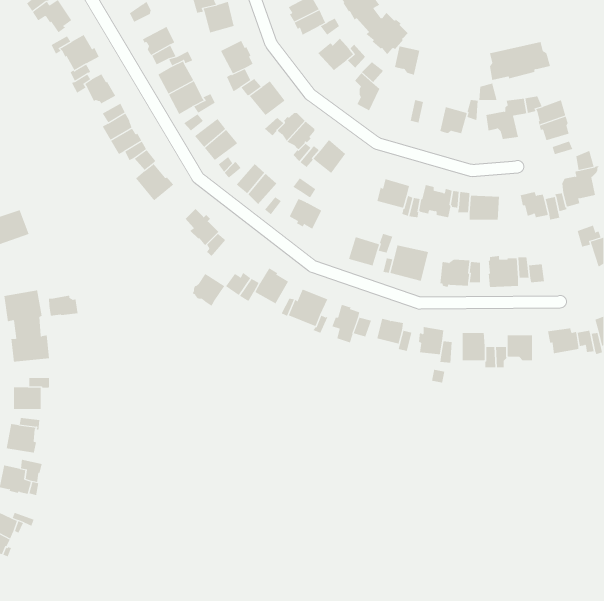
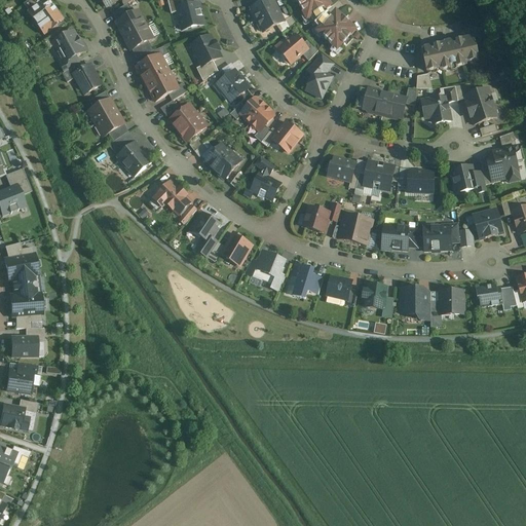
building: none -> [116,9,145,34]
building: [394,46,420,75] -> [364,88,386,114]
building: none -> [473,208,501,238]
building: [192,273,225,306] -> [191,212,220,240]
building: [49,295,78,316] -> none

